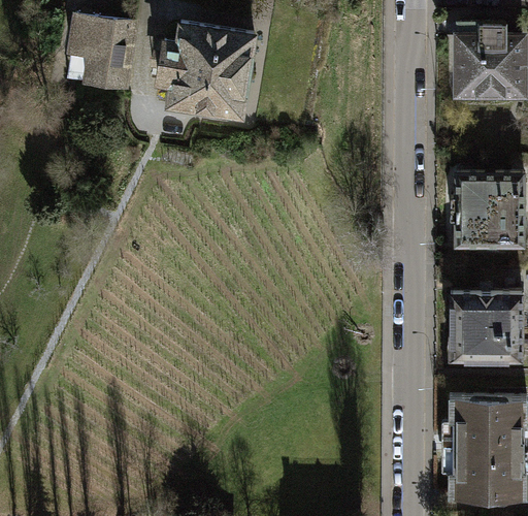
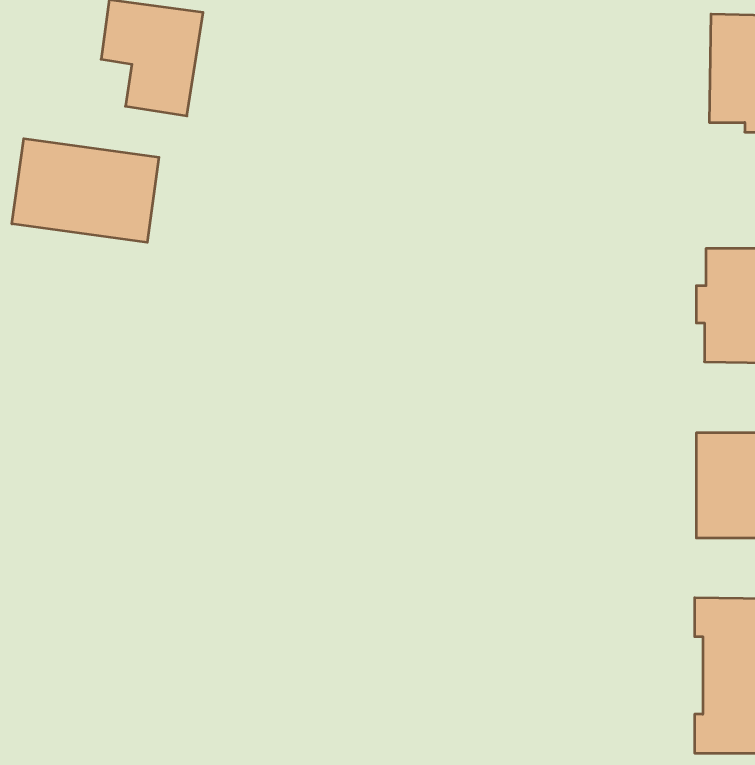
building: [160,25,256,118] -> none
building: none -> [12,139,159,242]

